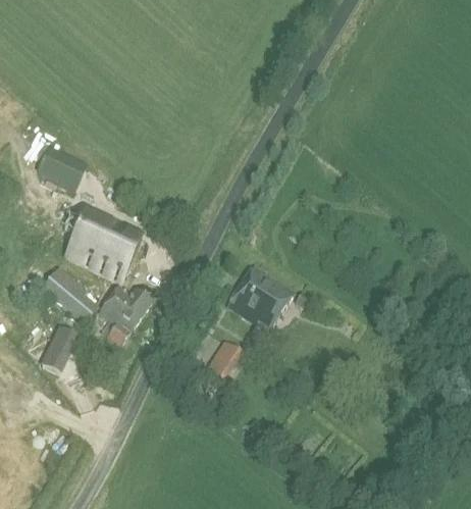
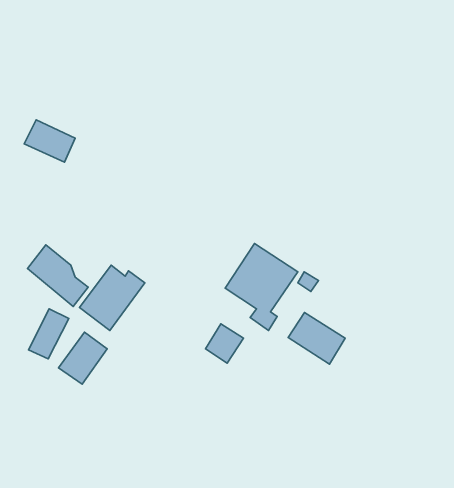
building: [64,212,140,282] -> none
building: none -> [288,312,345,364]
building: none -> [58,332,107,384]

